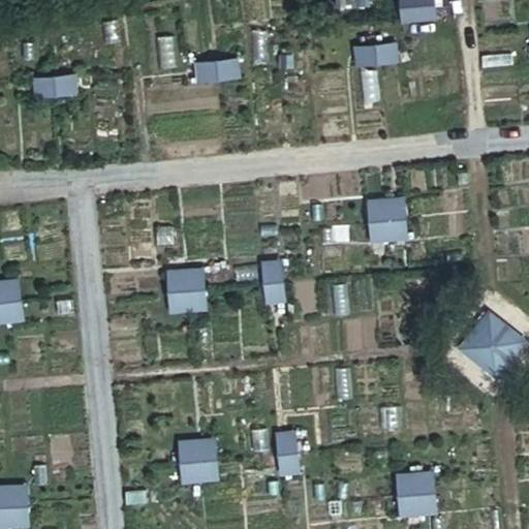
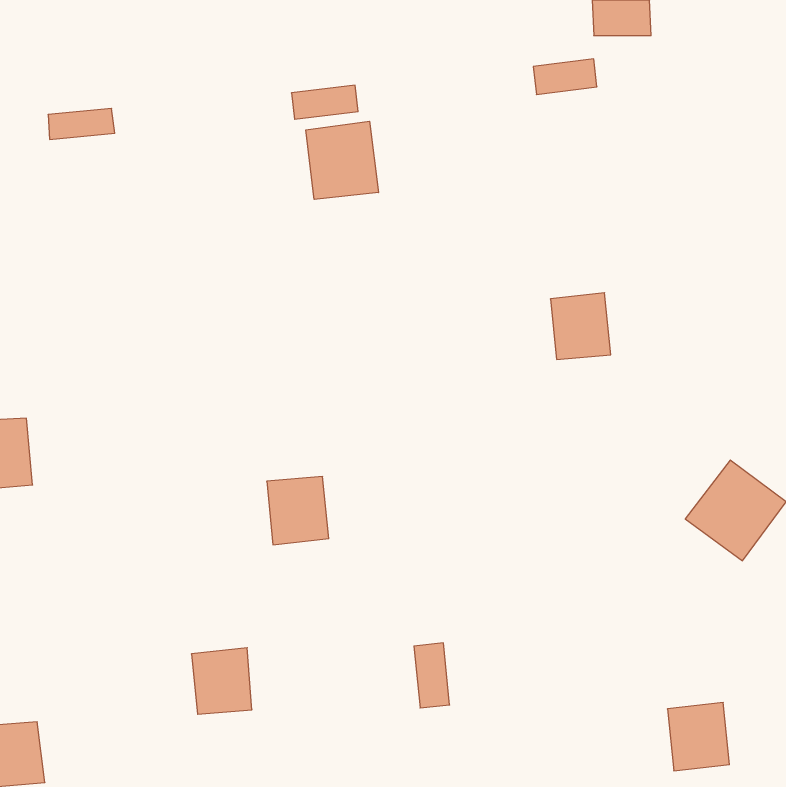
building: none -> [306,121,378,199]
building: [261,260,286,305] -> none
building: [164,269,206,314] -> [267,477,329,545]
building: [179,438,219,483] -> [191,648,252,714]
building: [396,470,437,516] -> [667,703,729,771]

